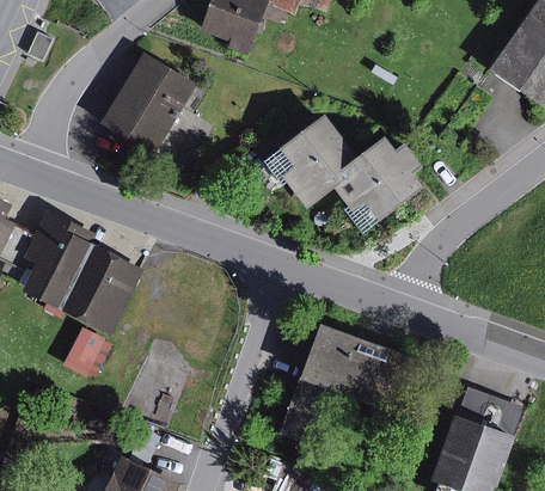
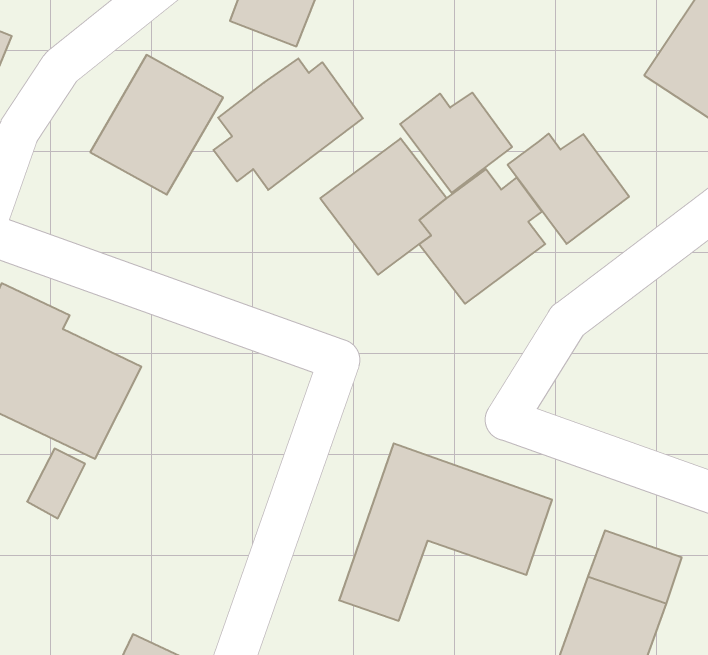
building: none -> [213,58,363,190]
building: none -> [400,93,512,193]
building: none -> [508,134,629,244]

